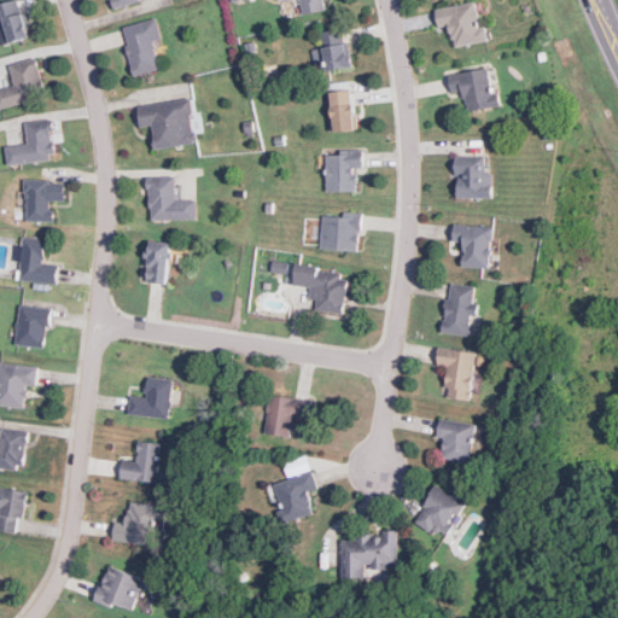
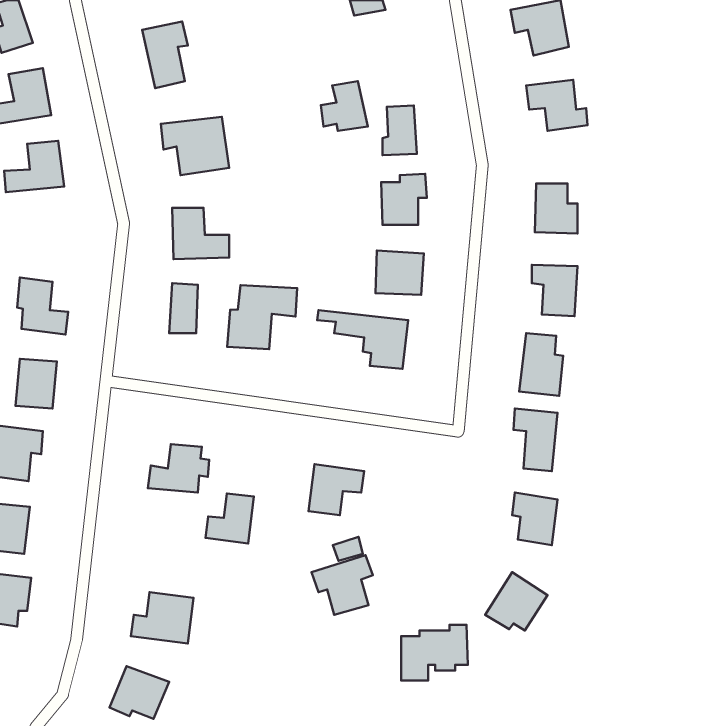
building: [310,29,350,71] -> [321,81,368,131]
building: [23,181,63,222] -> none
building: none -> [227,285,297,349]
building: [118,442,159,484] -> [205,494,254,543]

